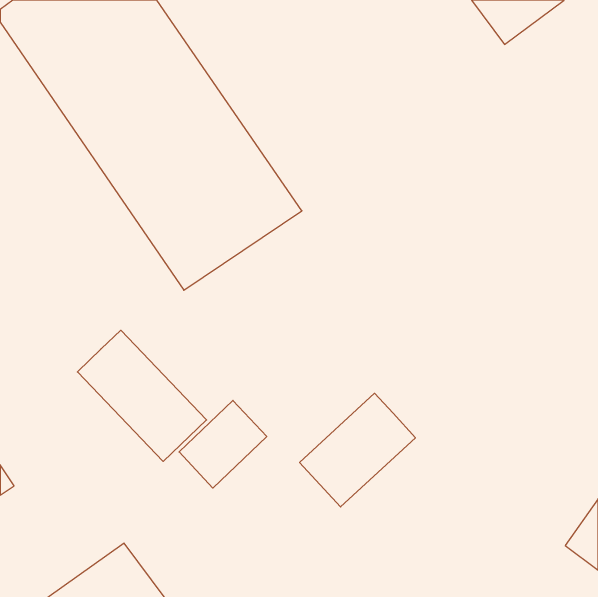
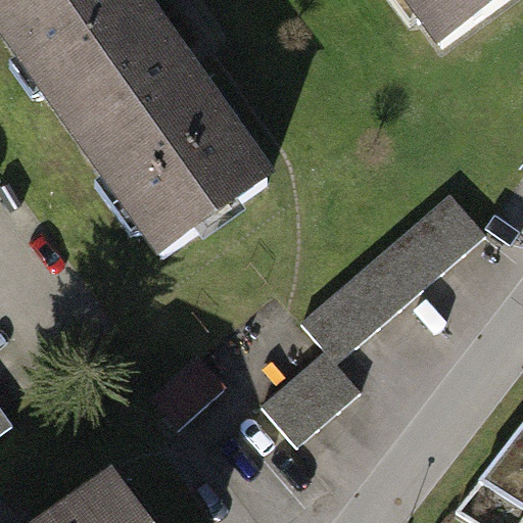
building: none -> [305,190,485,362]
building: [77,330,207,461] -> none

